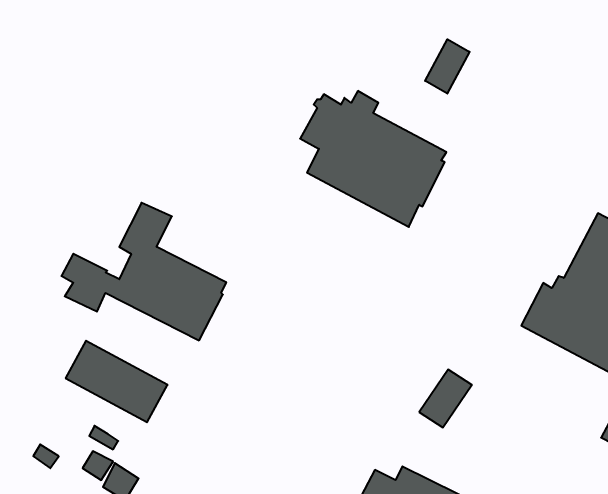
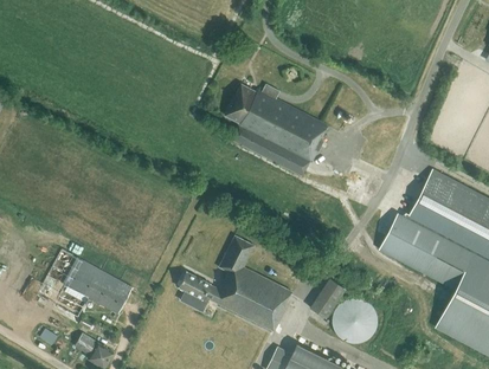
building: [425,39,470,94] -> none
building: [61,203,226,340] -> [178,237,292,332]
building: none -> [332,300,374,344]

